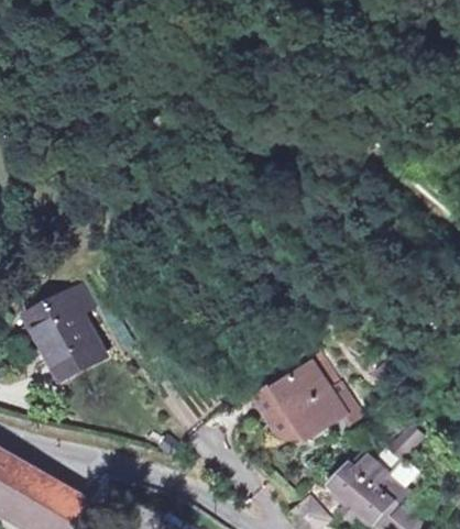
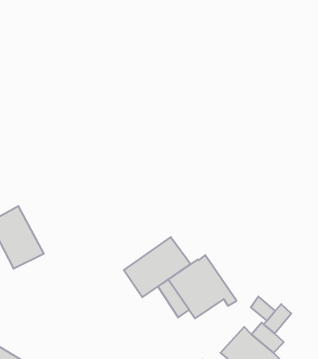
building: none -> [124,237,191,297]

